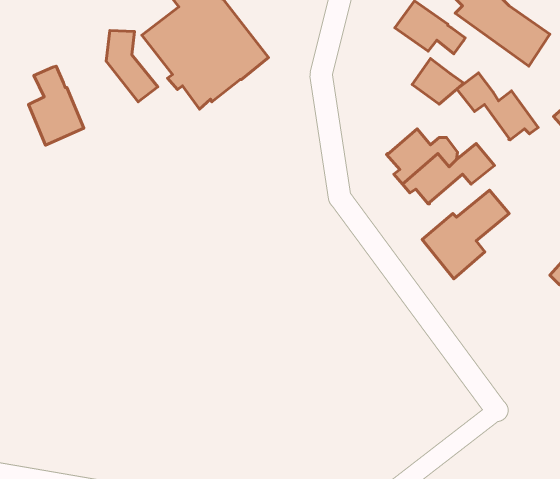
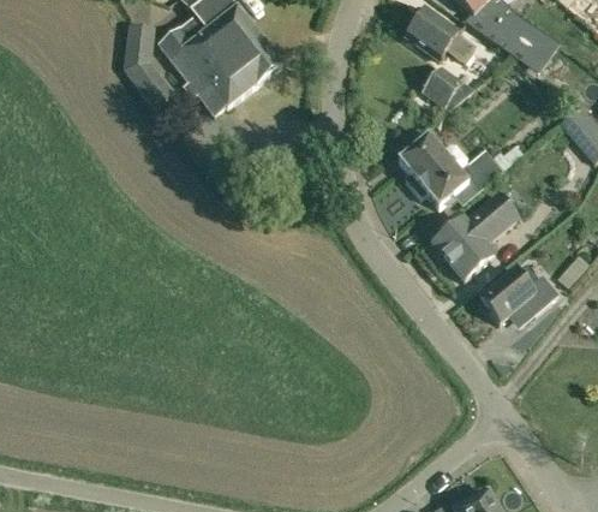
building: [28,66,84,145] -> none
building: [457,73,538,140] -> none
building: none -> [479,264,558,323]

